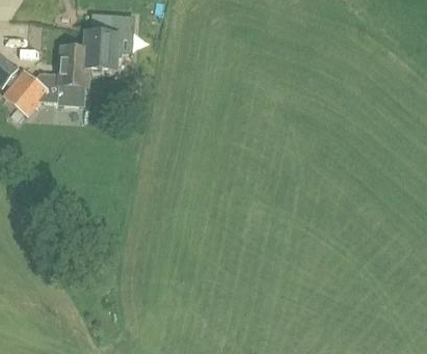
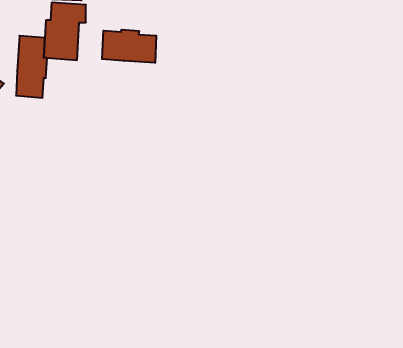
building: none -> [102,30,156,63]

